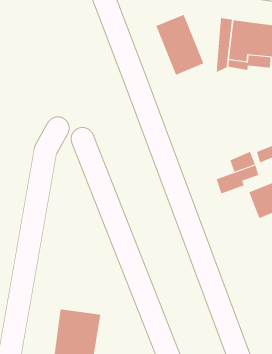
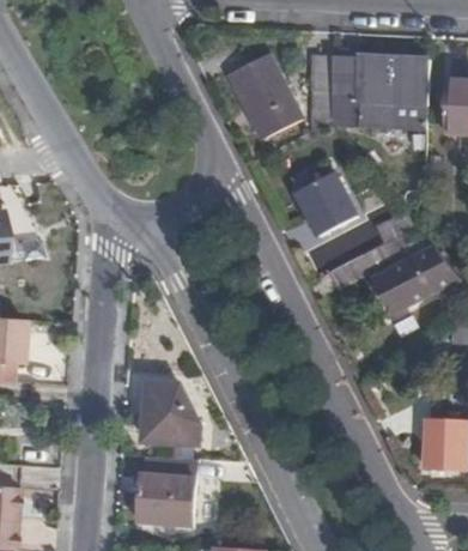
building: none -> [297,174,355,234]
building: none -> [142,382,200,447]

